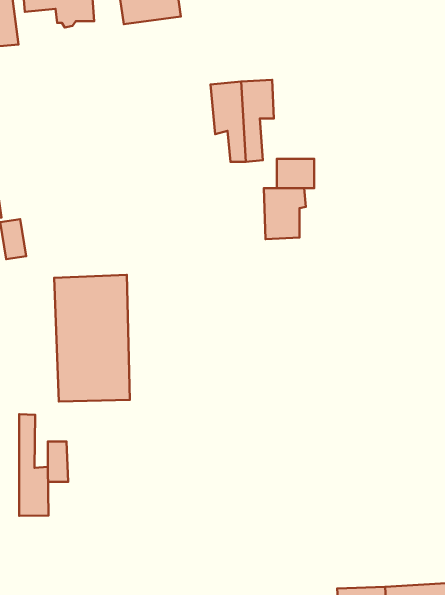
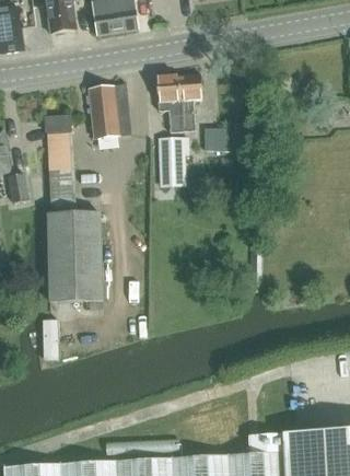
building: none -> [89,84,131,139]
building: none -> [46,115,73,206]
building: [264,188,306,239] -> [159,138,188,174]
building: [19,414,48,516] -> none

